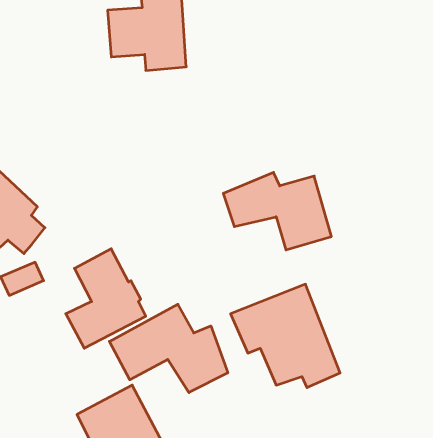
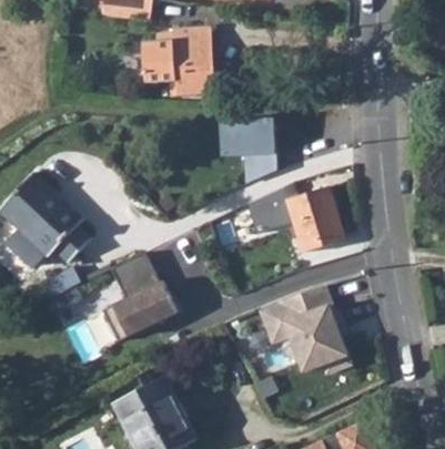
building: none -> [211,122,273,184]
building: [109,304,228,393] -> none

